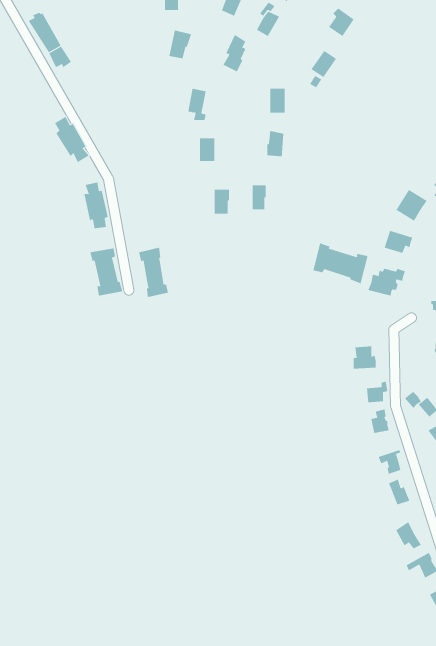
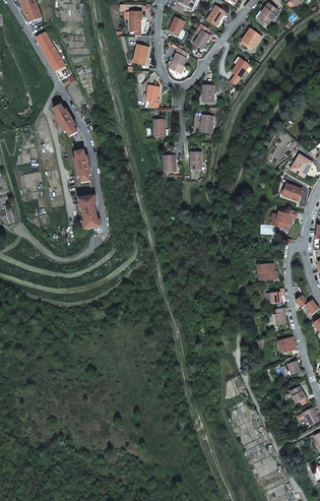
building: [313,242,368,284] -> none
building: [138,247,169,298] -> none

